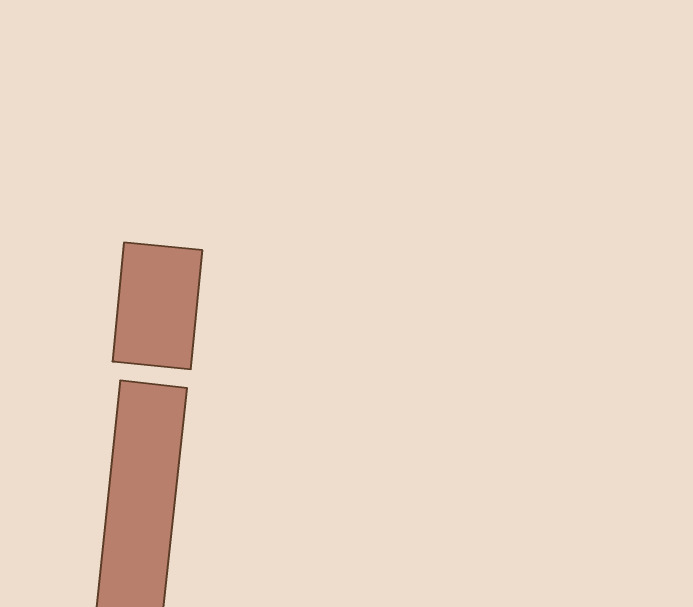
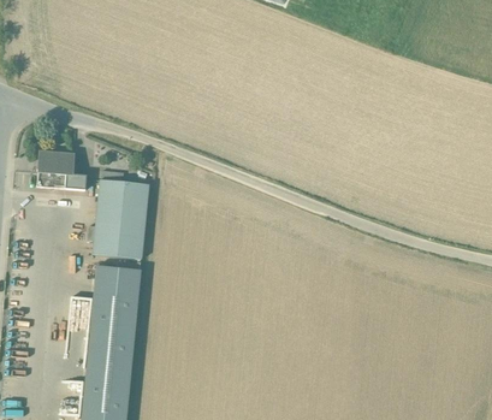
building: none -> [37,152,73,189]

